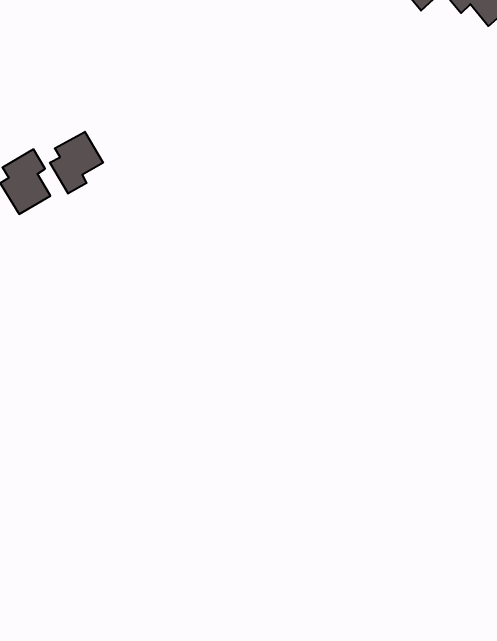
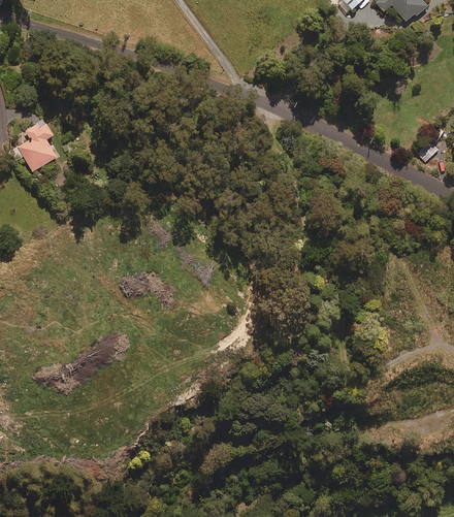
building: [50,132,103,194] -> none

